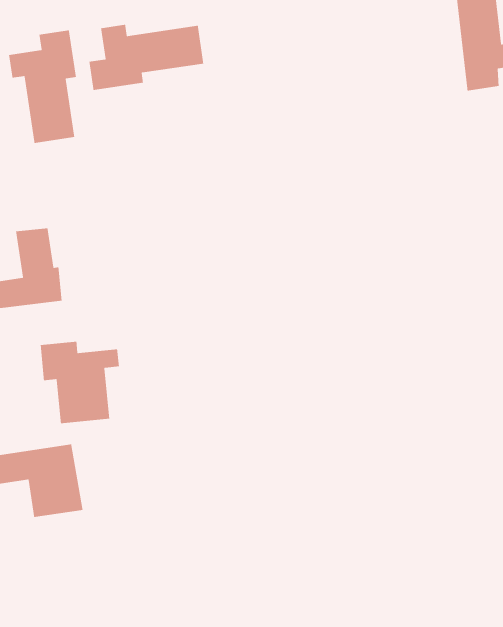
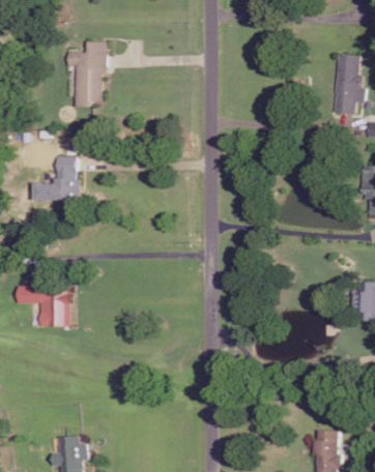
building: [88,24,204,91] -> none
building: [40,341,120,424] -> none

